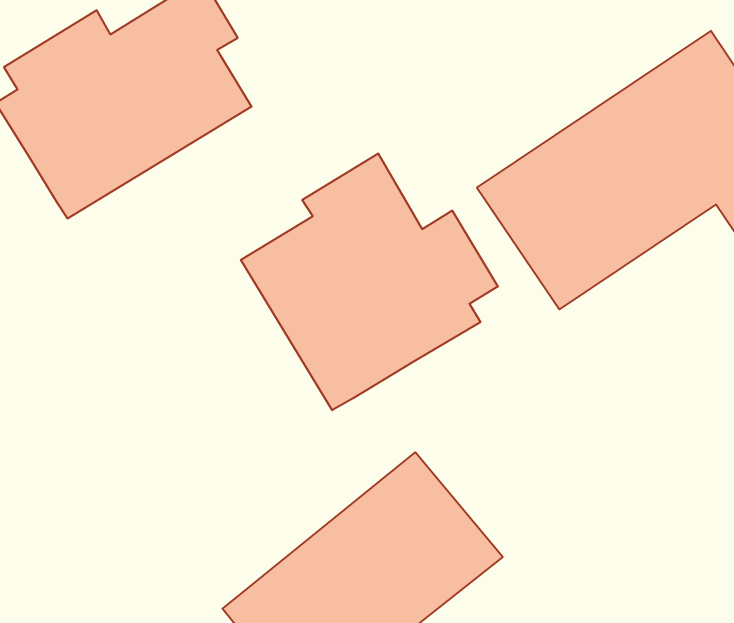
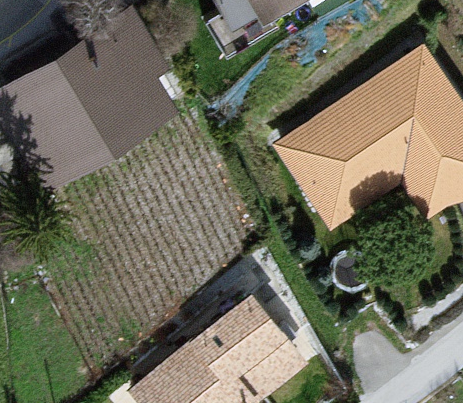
building: [241,153,498,410] -> none

